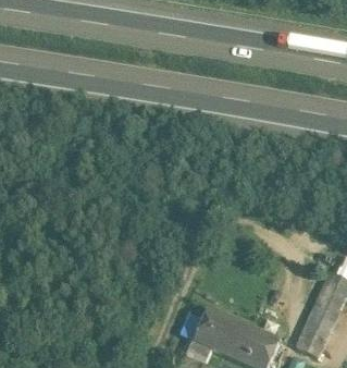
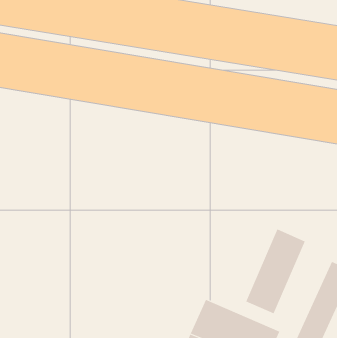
building: none -> [245,229,306,314]

